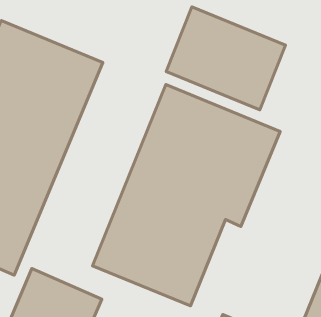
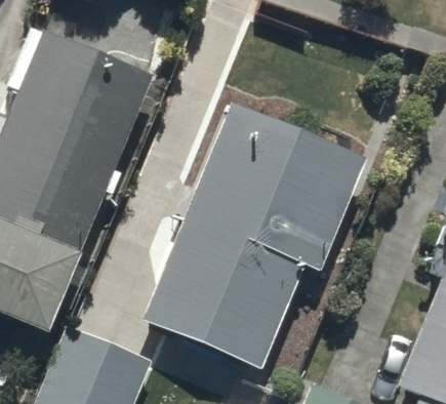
building: [166,7,286,110] -> none

